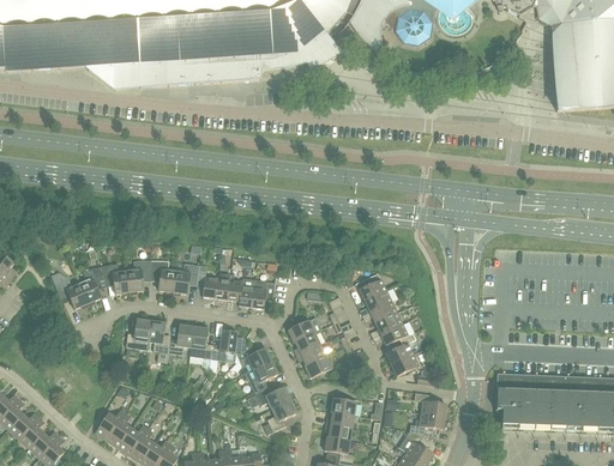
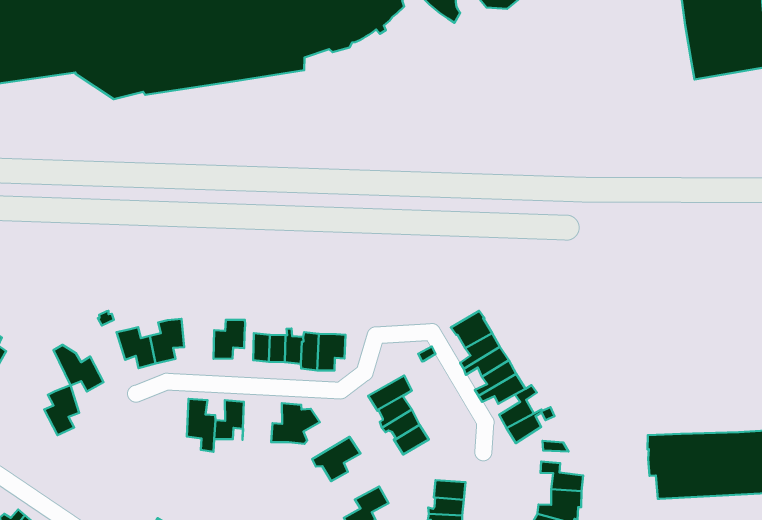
building: [151,259,175,291] -> none
building: [79,265,106,302] -> [44,385,79,435]
building: [126,319,151,349] -> none
building: [189,326,213,358] -> none
building: [236,346,271,374] -> none
building: [247,386,290,407] -> none

